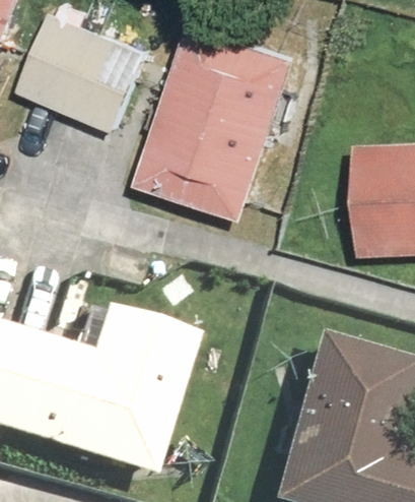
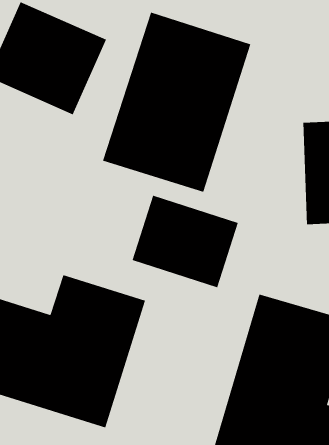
building: none -> [132,195,238,288]

